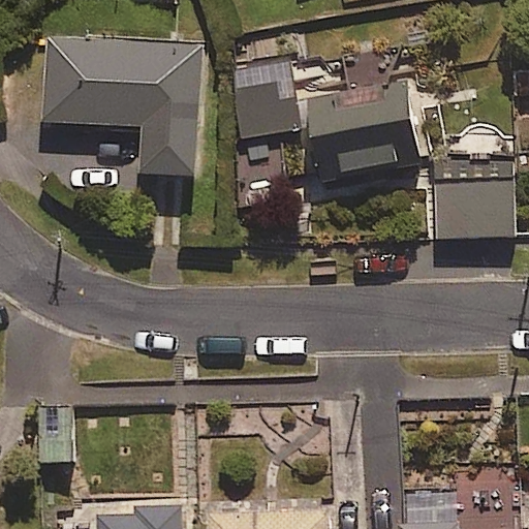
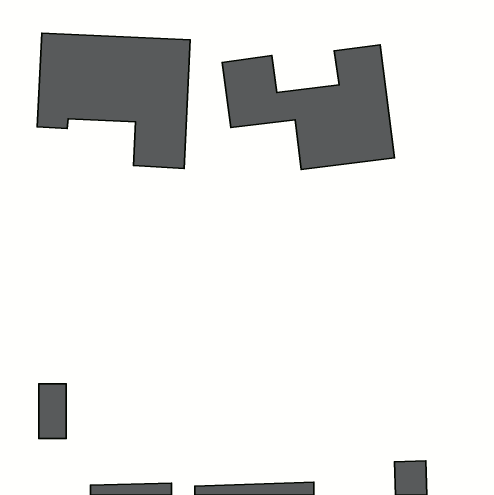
building: [431,160,514,241] -> none

